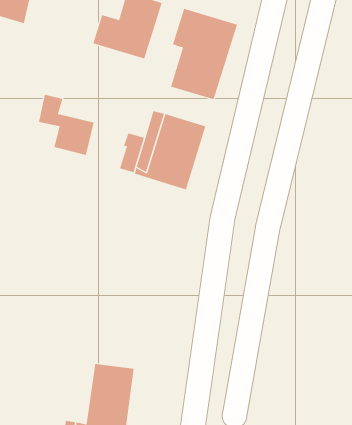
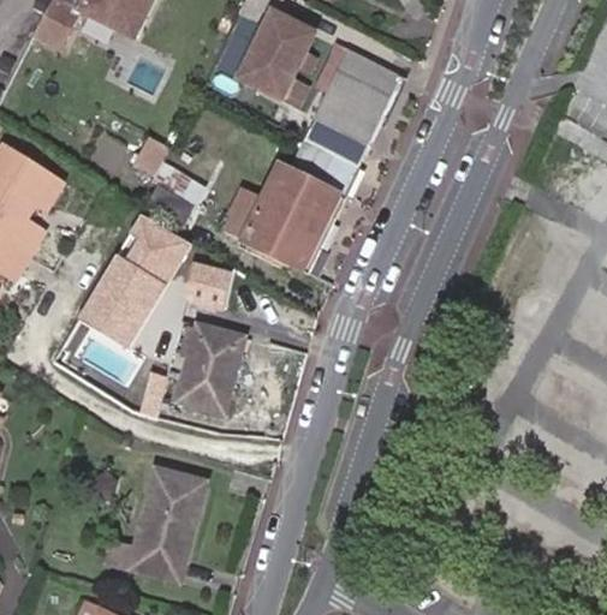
building: none -> [292,143,361,199]
building: none -> [83,205,191,335]
building: none -> [177,262,230,304]
building: none -> [172,318,242,407]

